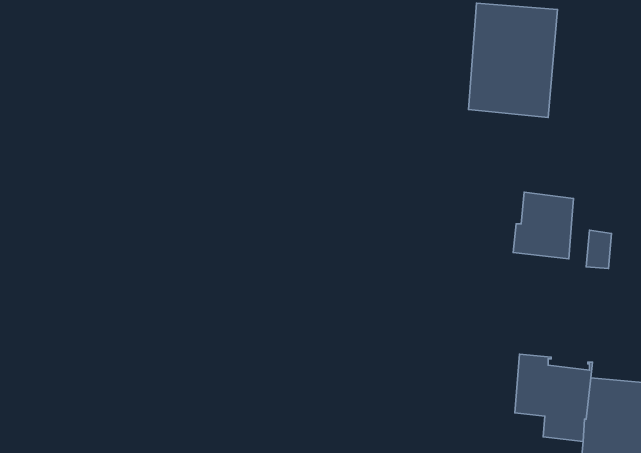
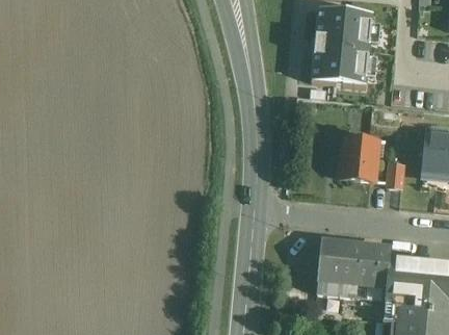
building: none -> [317,240,361,295]

